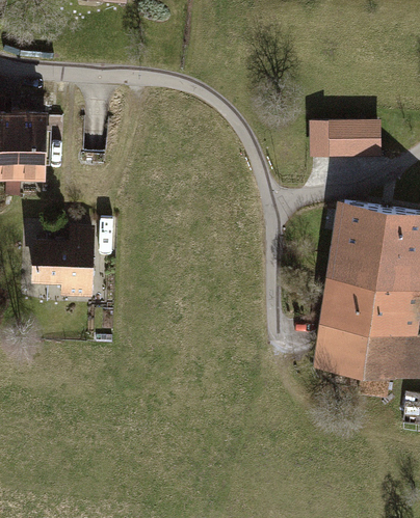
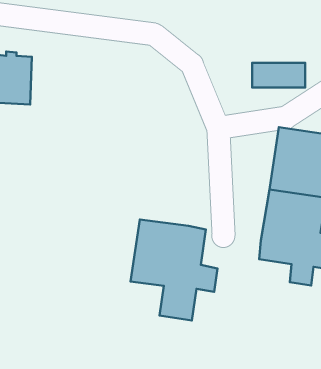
building: [34,230,91,295] -> none
building: none -> [131,219,217,320]

